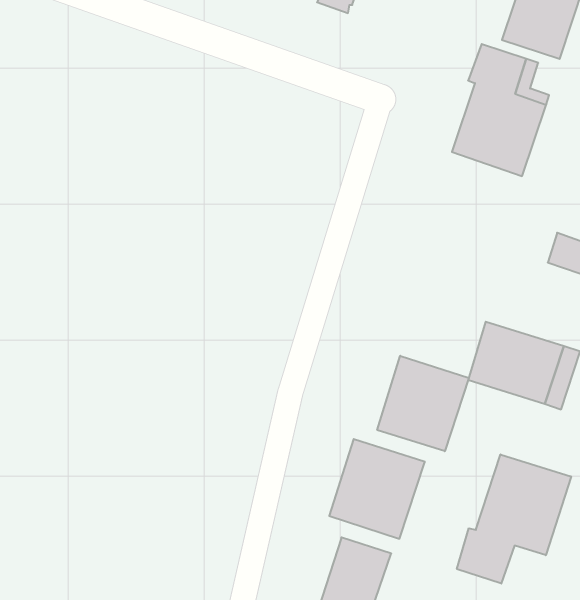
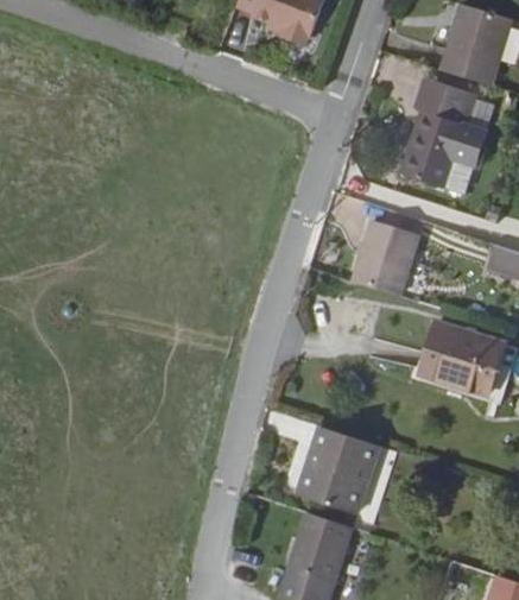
building: none -> [352,217,418,293]
building: [377,356,469,451] -> none
building: [457,454,571,584] -> none

